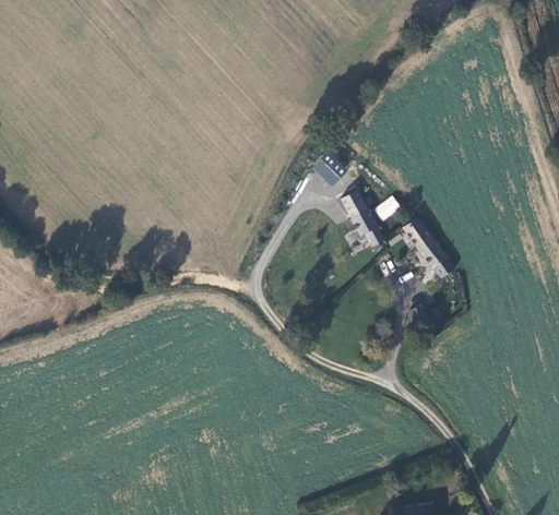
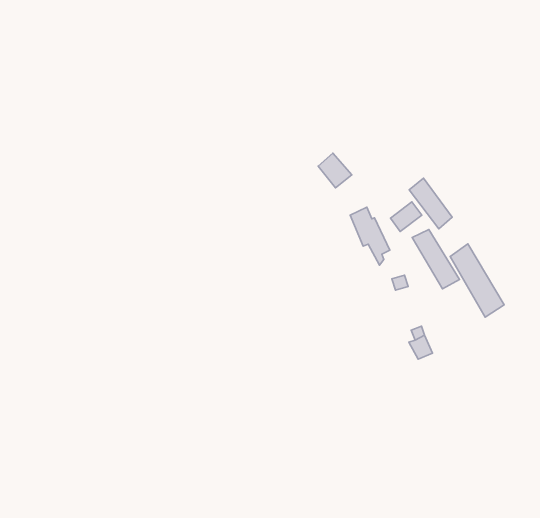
building: none -> [409,178,452,229]
building: none -> [450,244,504,317]

